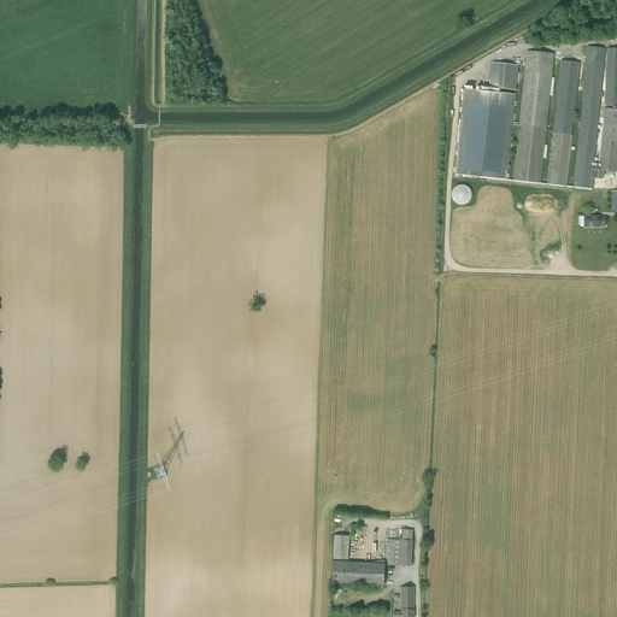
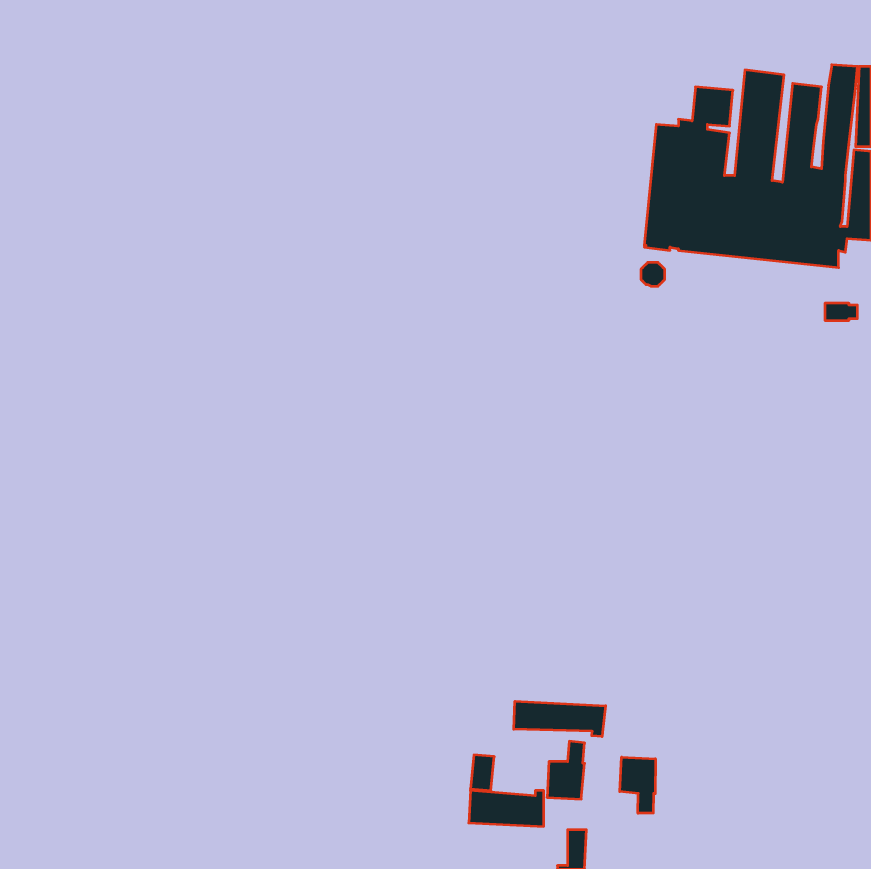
building: none -> [514,701,606,737]
building: none -> [620,757,655,813]

